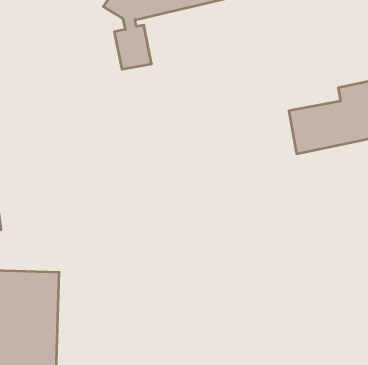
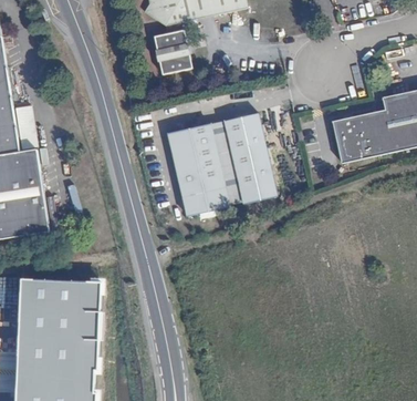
building: none -> [163,113,270,214]

